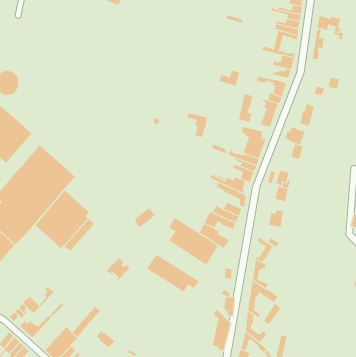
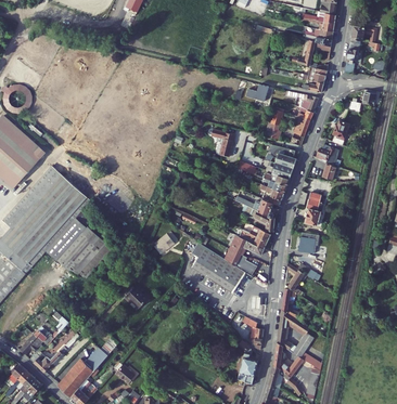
building: [146,254,199,292] -> none

